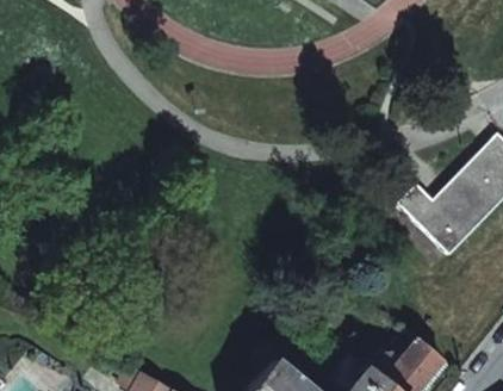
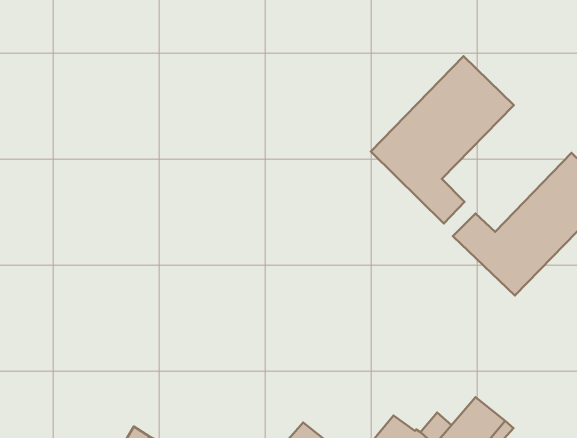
building: none -> [371,56,514,224]

